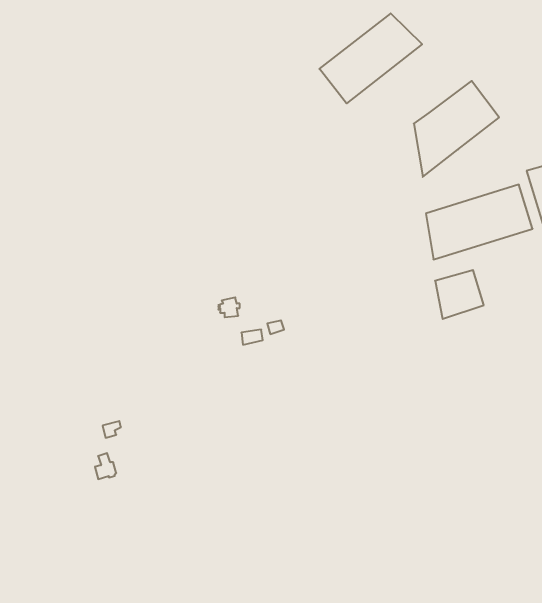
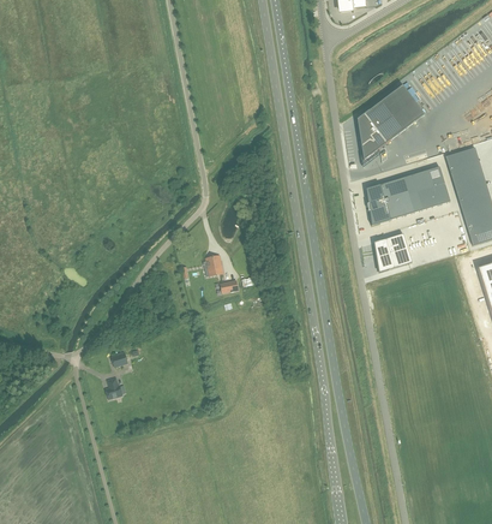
building: [319,13,422,103] -> none

